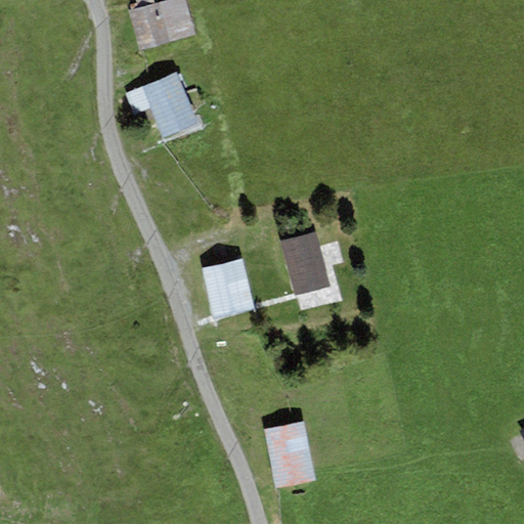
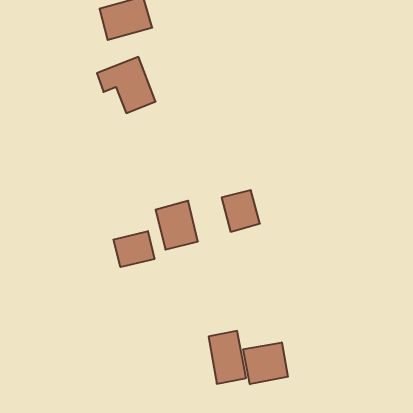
building: none -> [113,231,154,267]
building: none -> [243,342,288,384]

